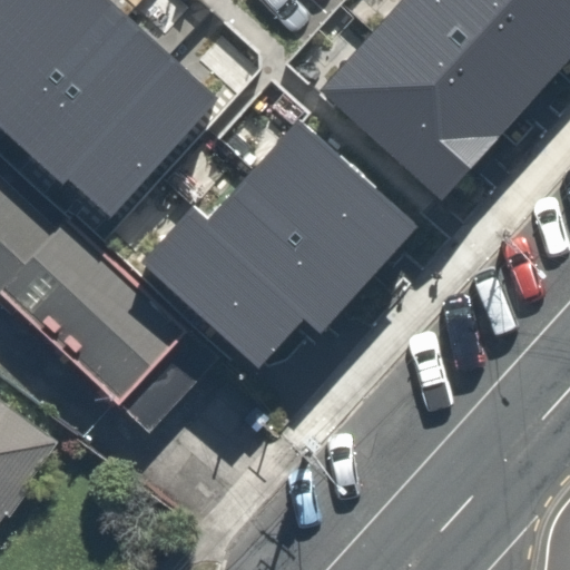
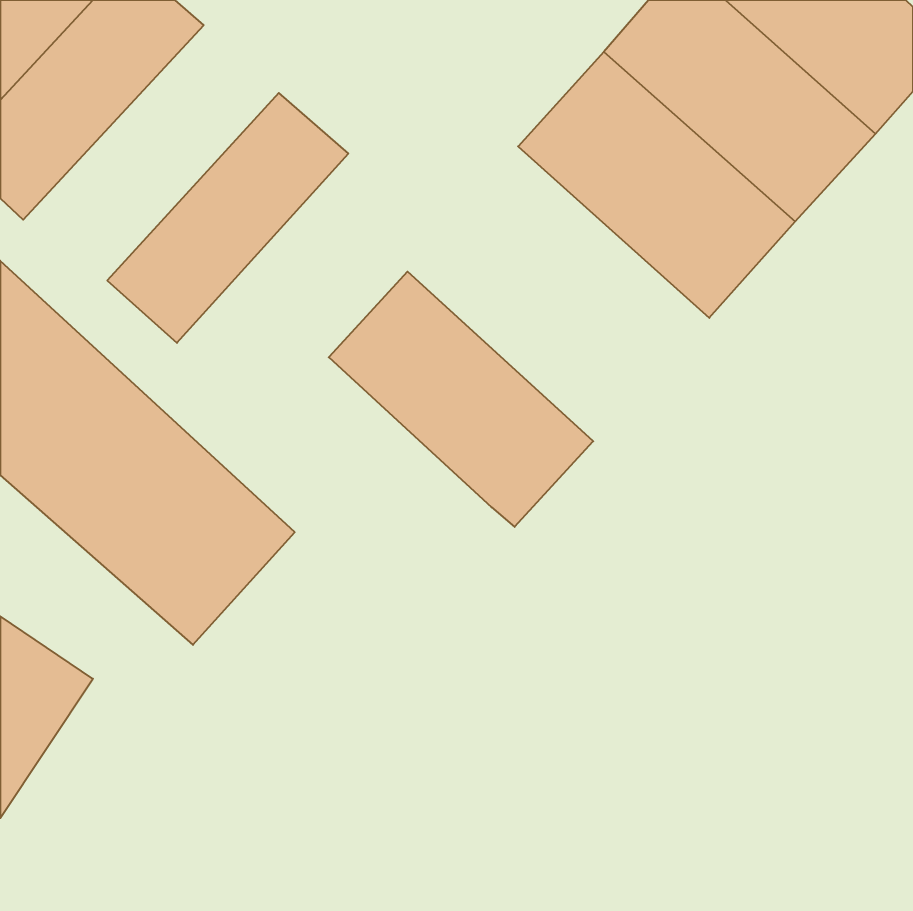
building: [14,17,174,181] -> none
building: [254,122,414,276] -> none
building: [142,212,306,368] -> none

